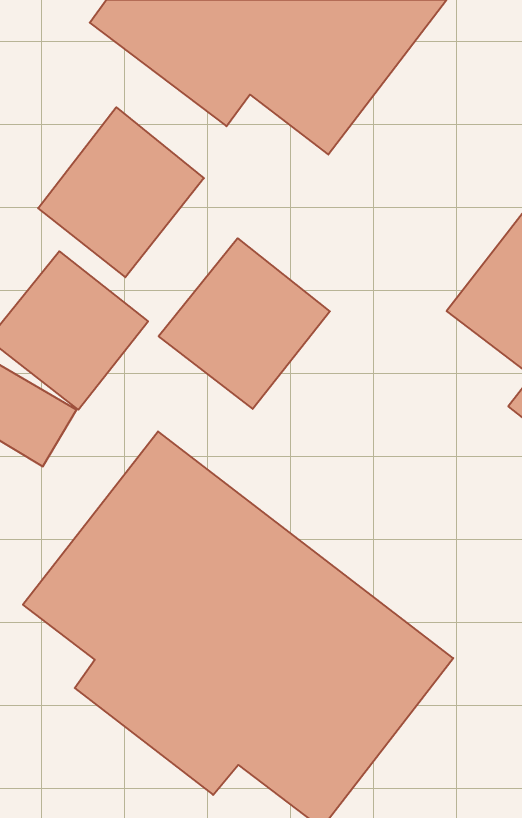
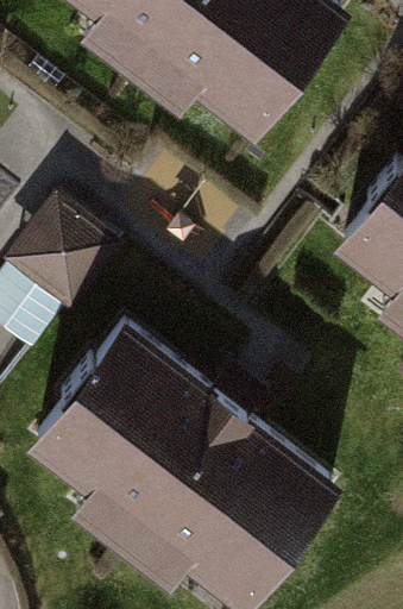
building: [38,107,204,277] -> none
building: [159,238,330,409] -> none

